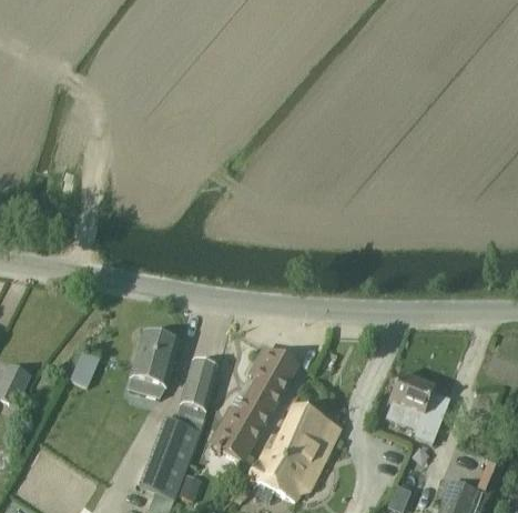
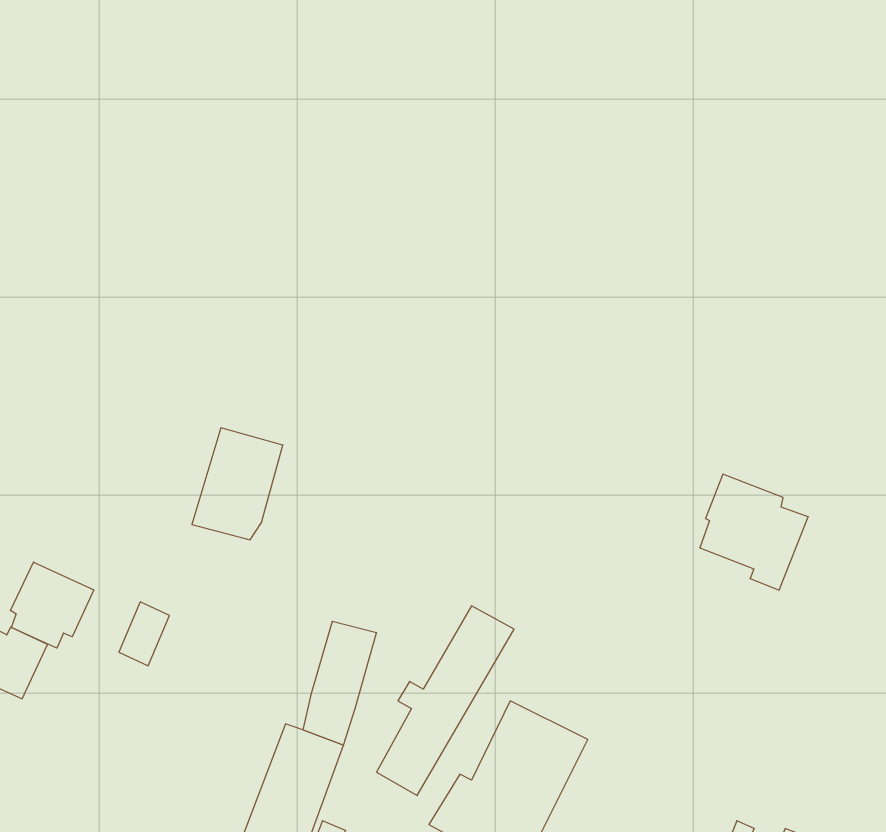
building: none -> [10,562,94,648]
building: [128,332,180,396] -> [192,428,283,540]
building: [387,374,449,441] -> [700,474,808,590]

